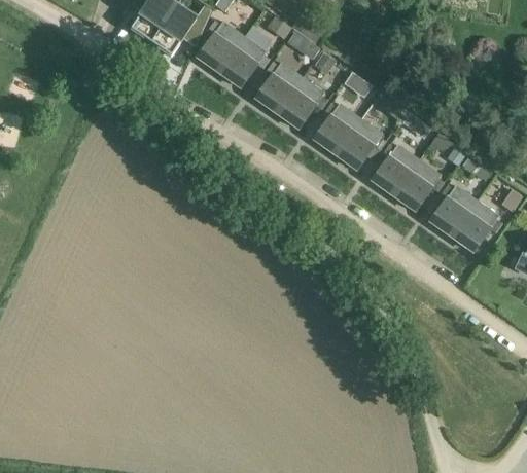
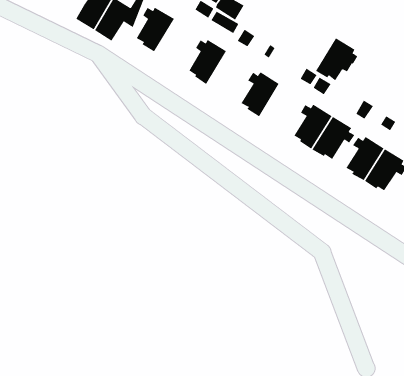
building: [218,36,269,86] -> none
building: [276,77,326,128] -> none
building: [335,118,385,169] -> [315,37,358,81]

